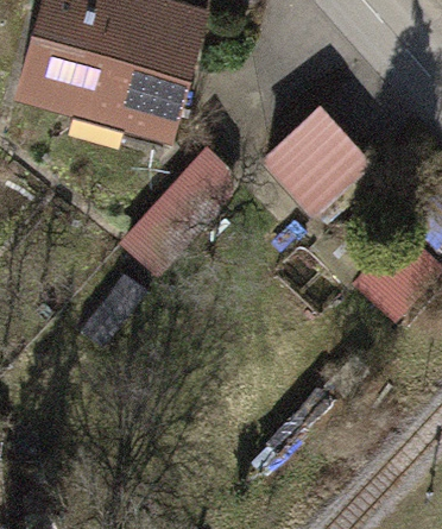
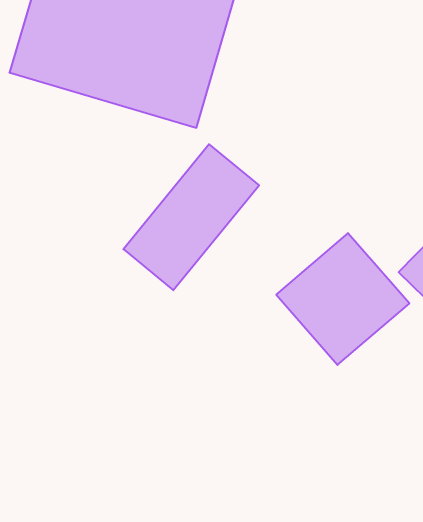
building: [253,105,377,227] -> [276,233,409,365]

